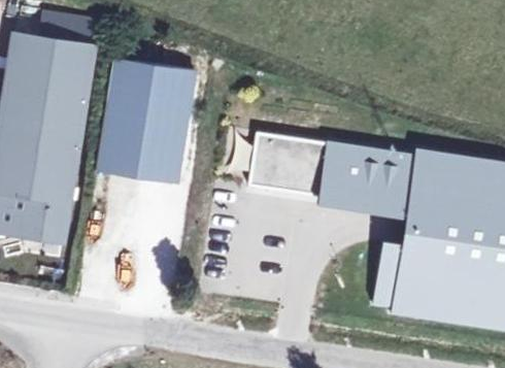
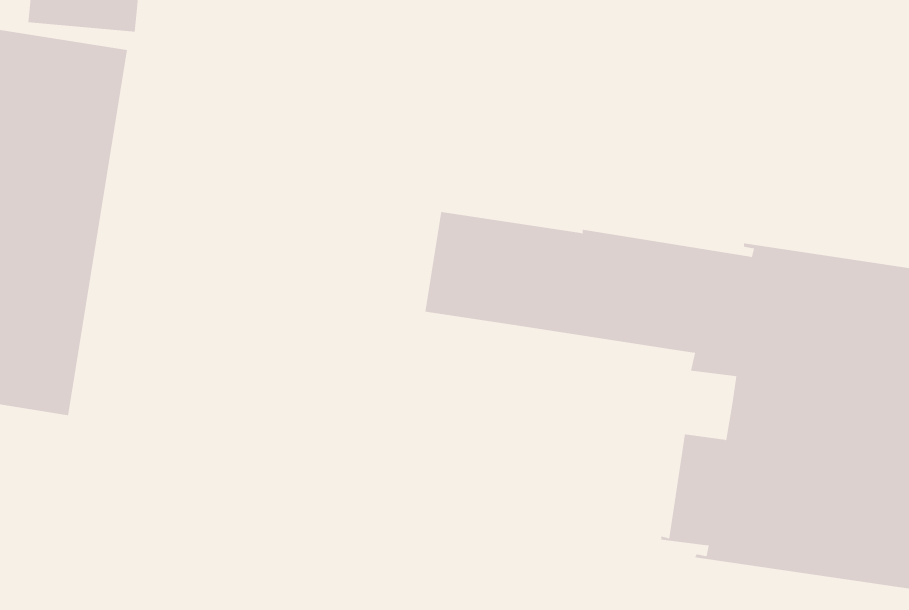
building: [97,57,197,182] -> none

